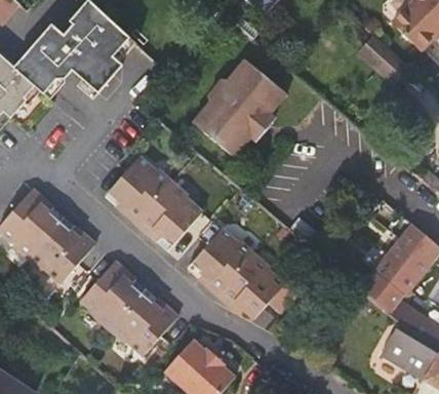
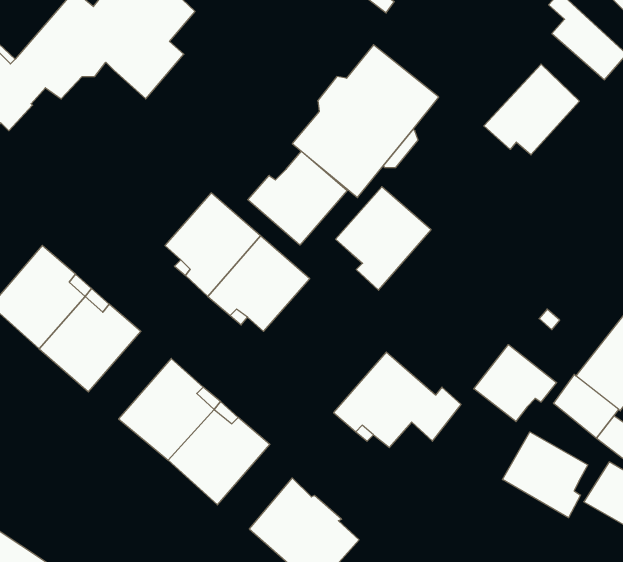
building: none -> [484,64,579,155]
building: none -> [248,151,347,245]
building: [191,229,252,296] -> [336,187,431,290]
building: none -> [474,345,557,422]
building: none -> [502,432,588,518]

